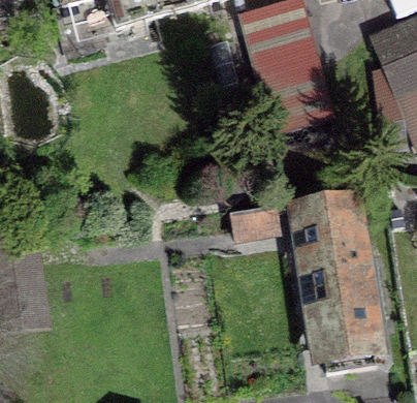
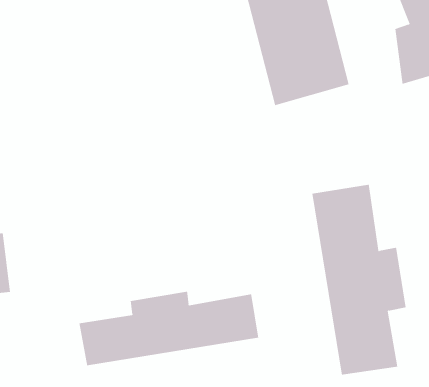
building: none -> [79,291,259,366]

